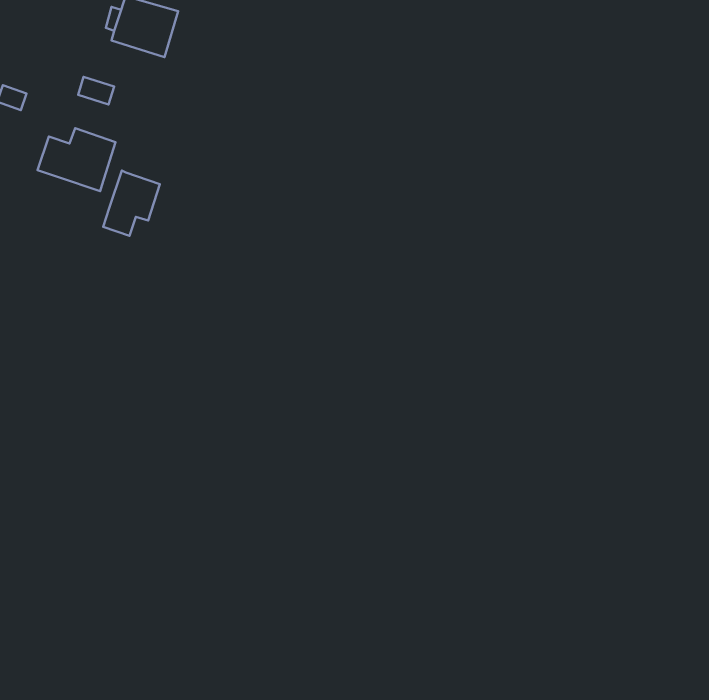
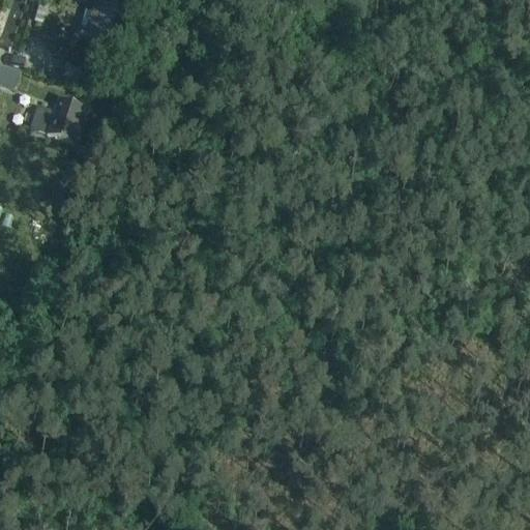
building: [103,171,160,236] -> none

